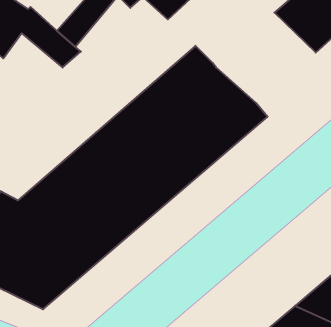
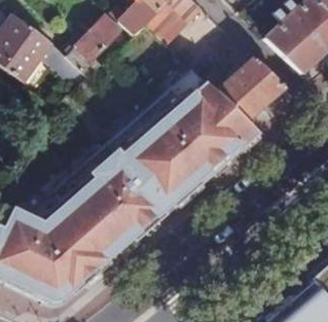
building: none -> [210,59,286,119]

